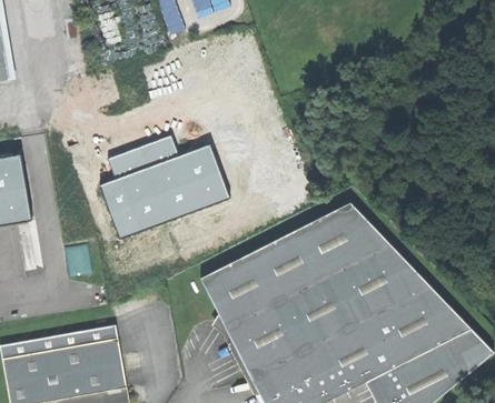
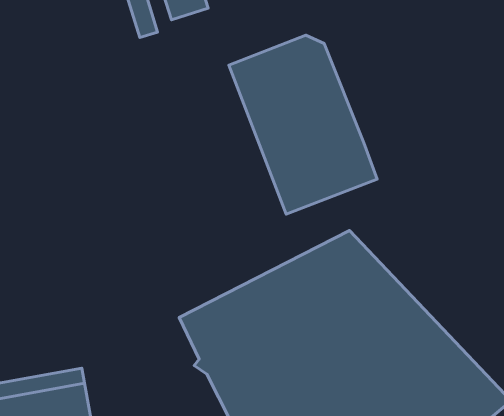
building: none -> [229,35,377,214]
building: [99,130,226,234] -> none

